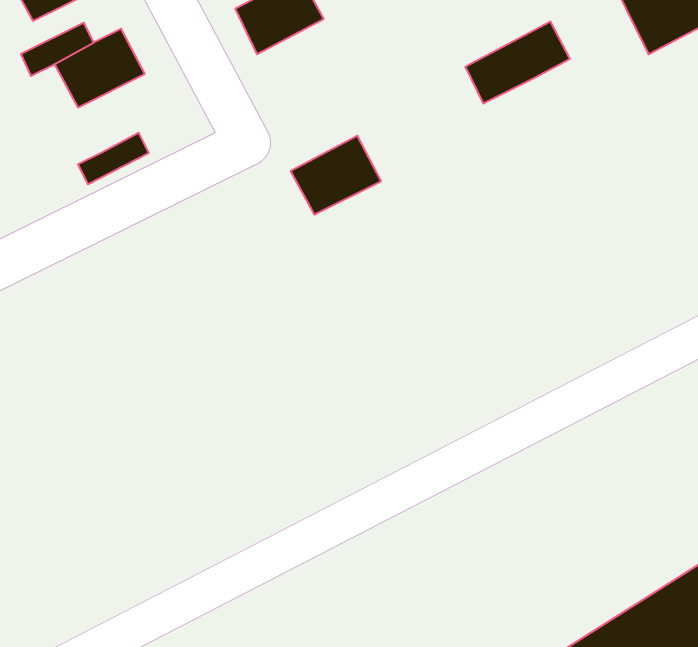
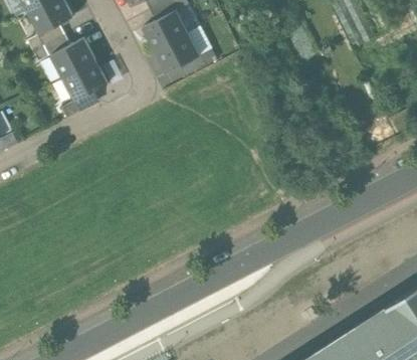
building: [466,21,570,104] -> none
building: none -> [63,60,109,101]
building: [291,136,381,215] -> [155,32,201,72]

